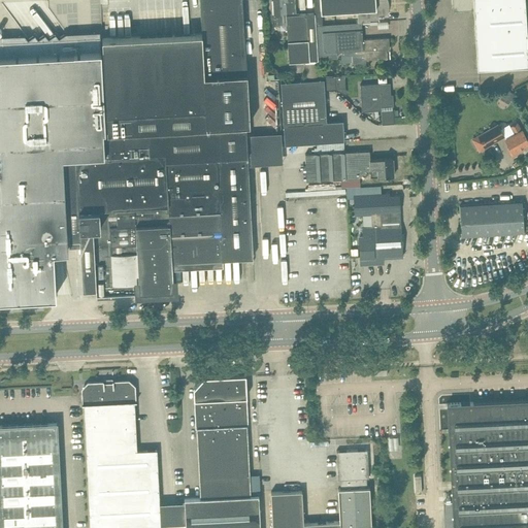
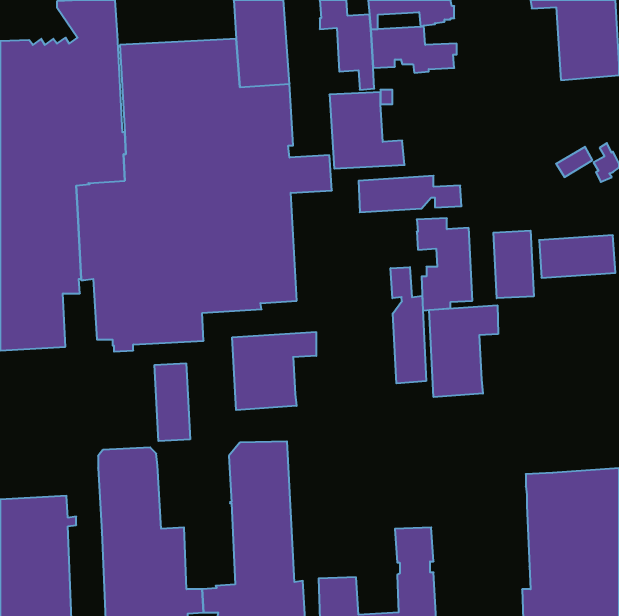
building: [345,86,393,127] -> none
building: none -> [493,231,534,298]
building: none -> [391,267,426,383]
building: none -> [429,305,498,397]
building: none -> [232,332,316,410]
building: none -> [155,363,190,441]

